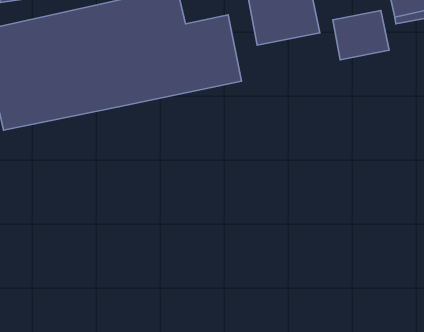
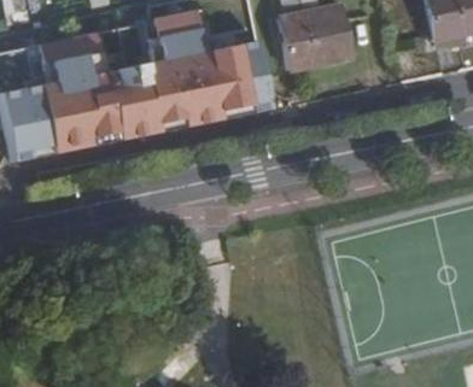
building: [333,10,389,60] -> none

